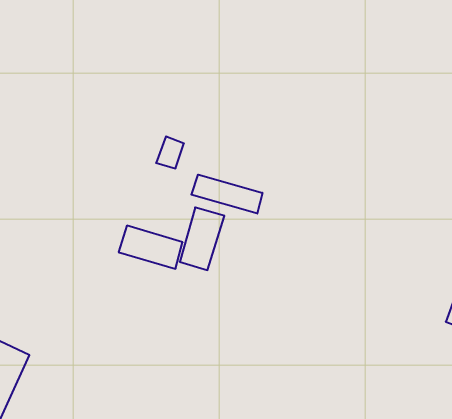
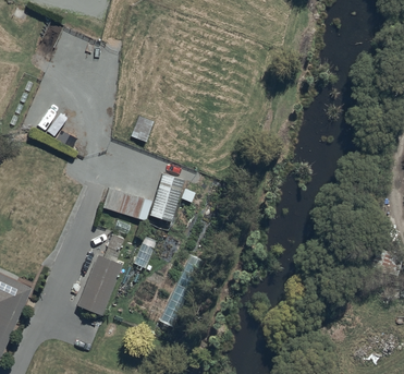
building: [191,175,262,214] -> none
building: none -> [78,254,124,314]

